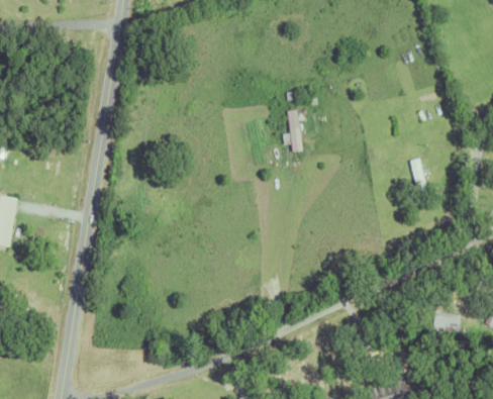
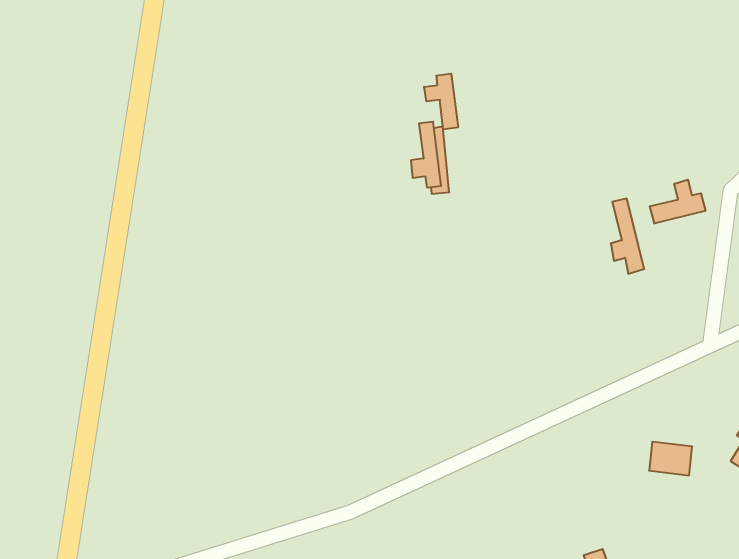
building: none -> [424,74,458,129]
building: none -> [650,180,705,224]

